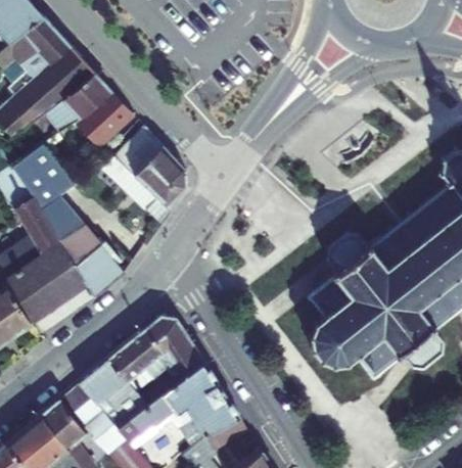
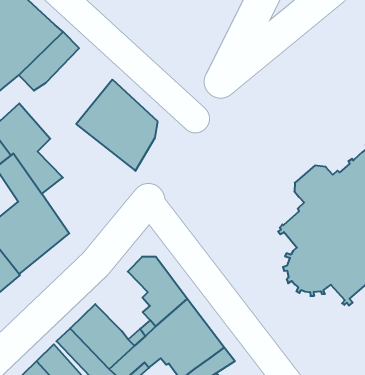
building: [74,91,134,151] -> none
building: [60,226,124,299] -> none
building: [107,330,165,392] -> none

